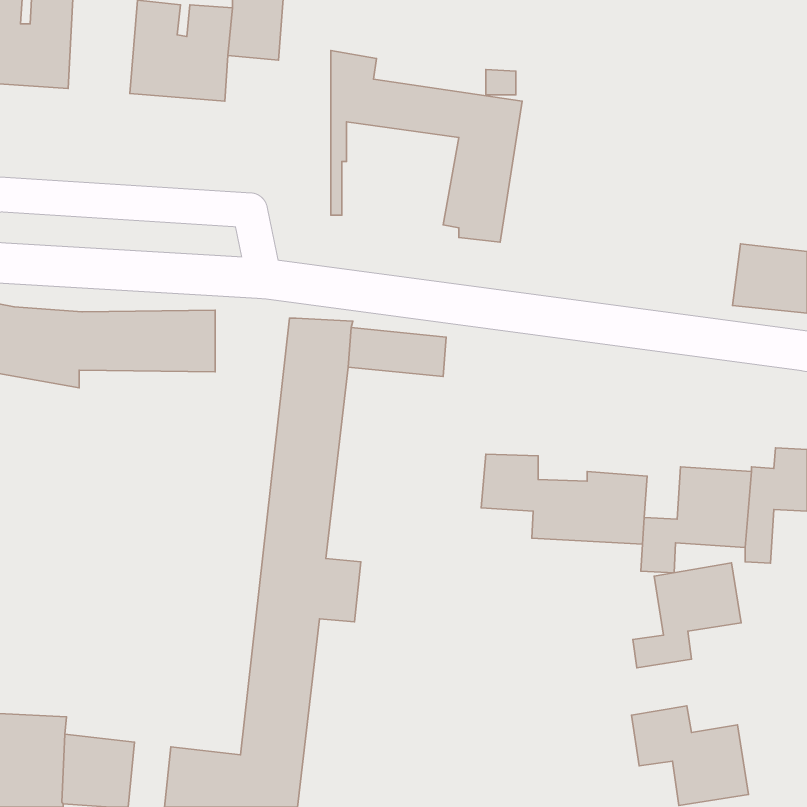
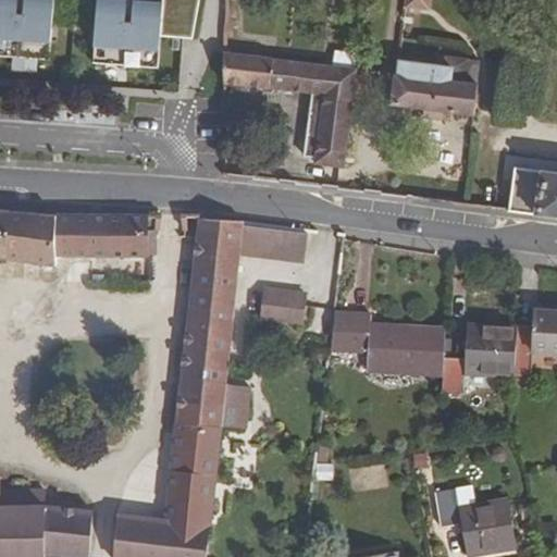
building: none -> [389,62,474,121]
building: none -> [260,290,307,322]
building: [633,563,741,668] -> none

